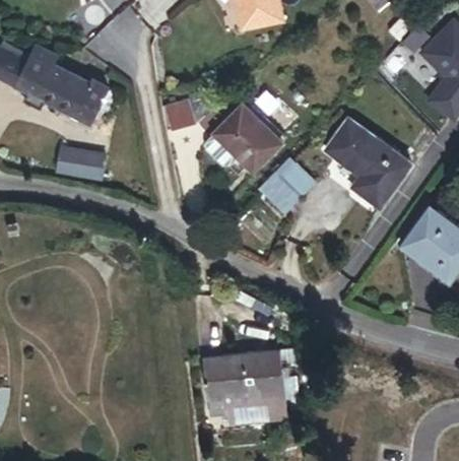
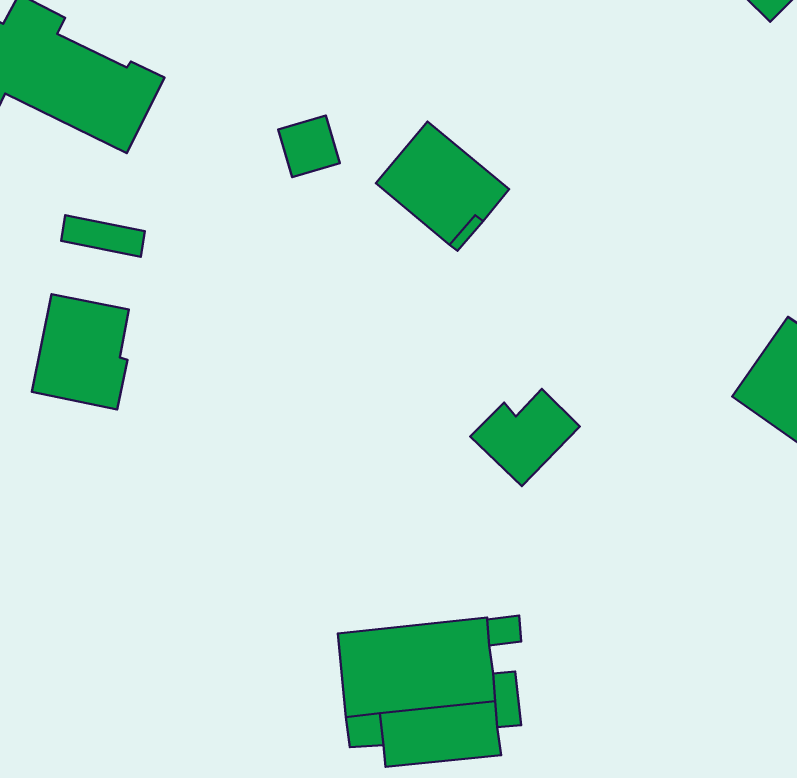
building: [325,116,410,206] -> none
building: [261,162,317,212] -> [470,389,580,486]
building: none -> [32,294,129,410]

